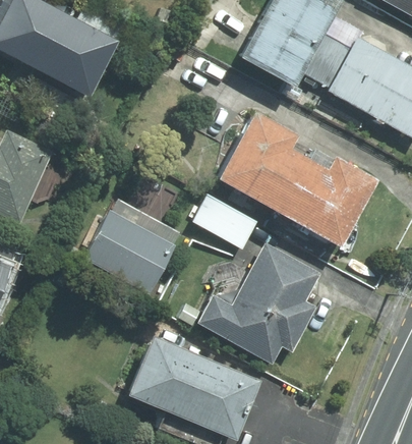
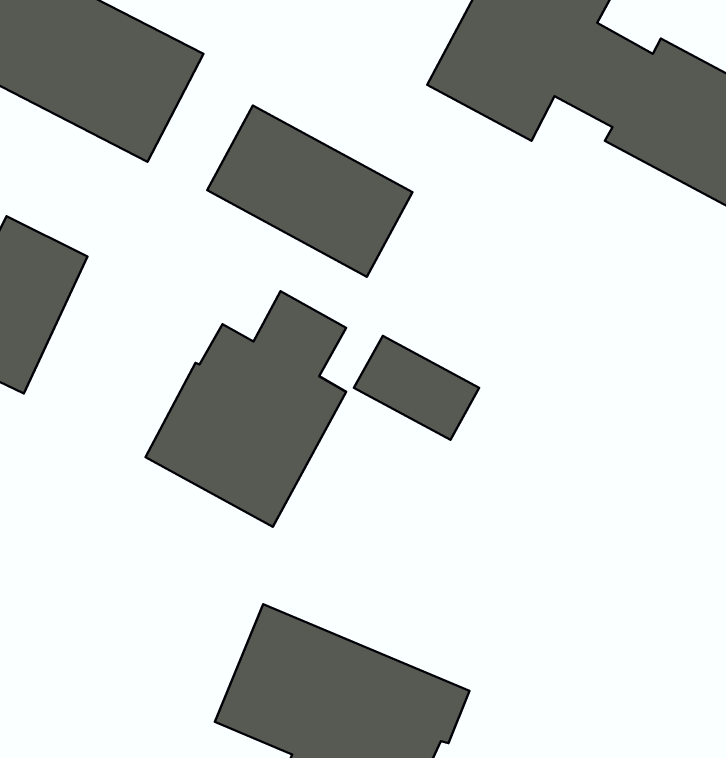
building: none -> [207,105,412,277]
building: [212,111,374,248] -> none
building: [184,240,325,364] -> none

